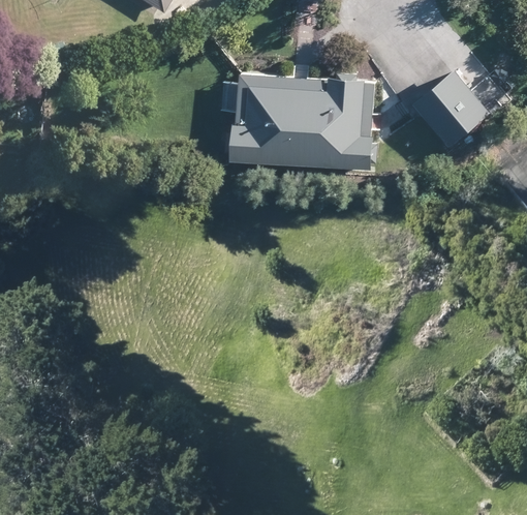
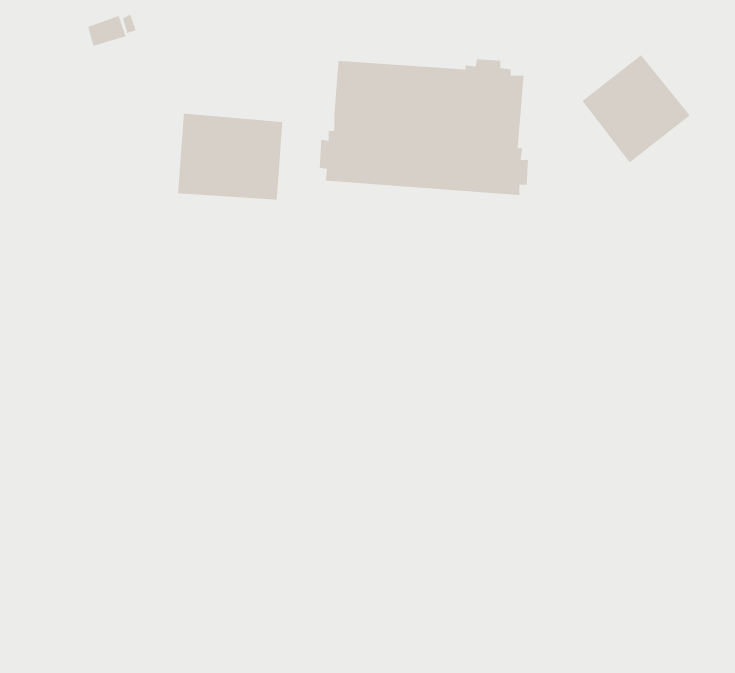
building: none -> [177,113,283,200]

